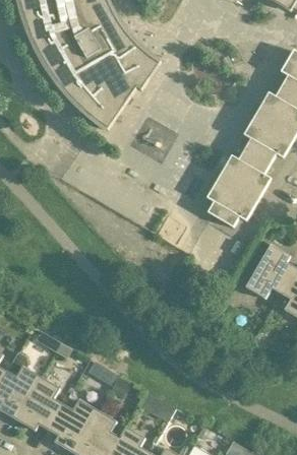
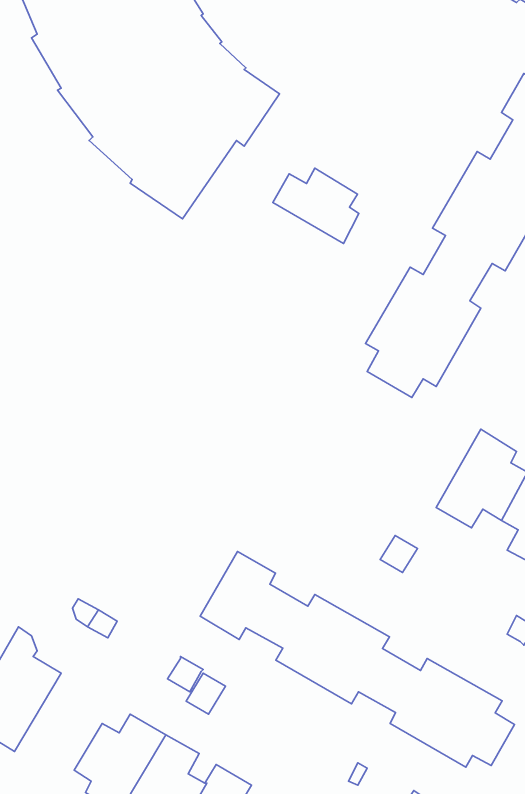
building: none -> [273,168,359,243]
building: none -> [200,551,515,767]
building: [15,377,63,430] -> none

